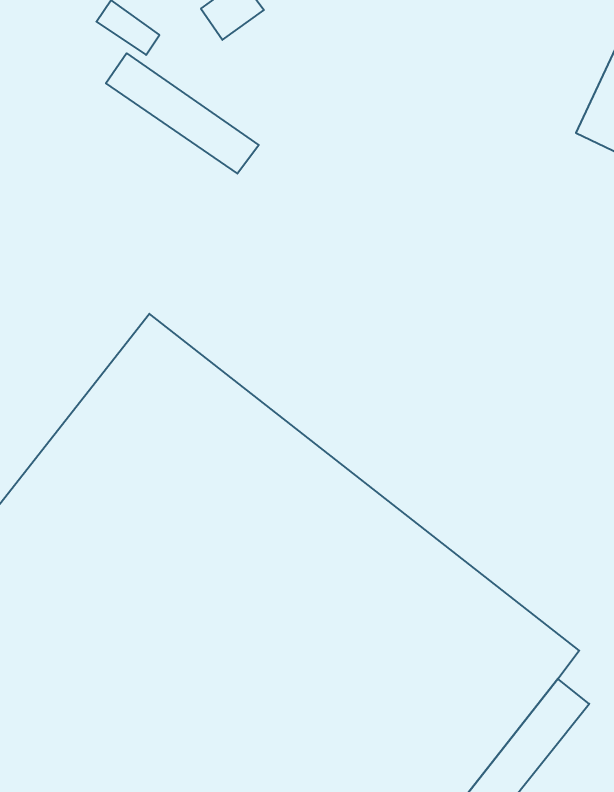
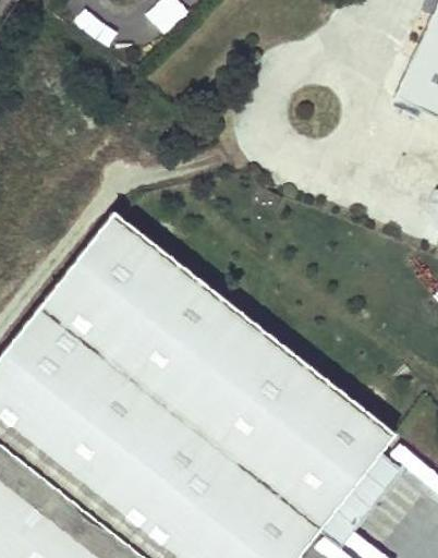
building: [106,53,259,174] -> none

